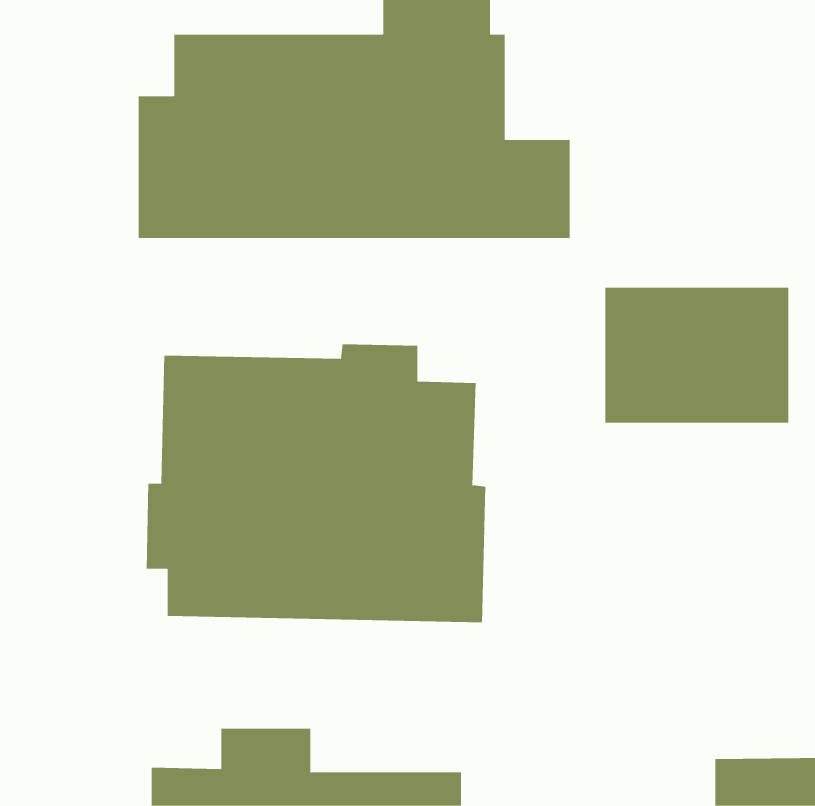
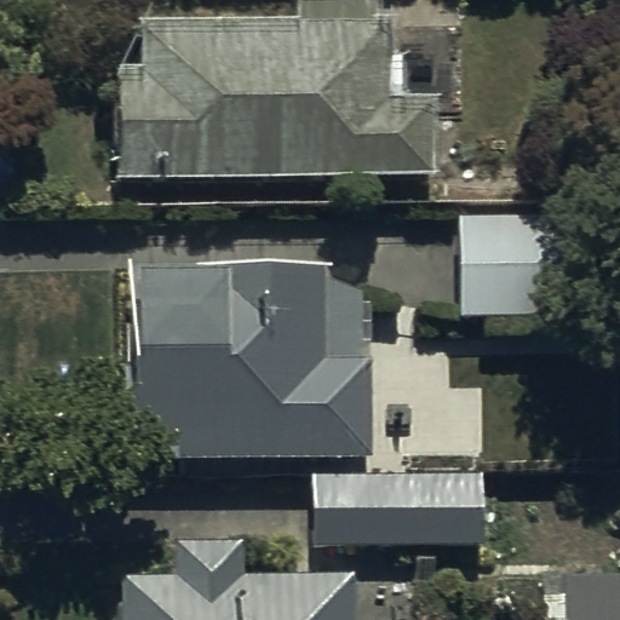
building: none -> [318,467,484,542]

